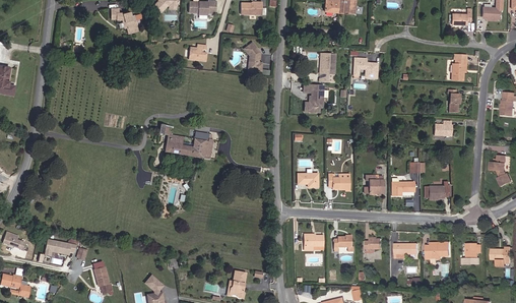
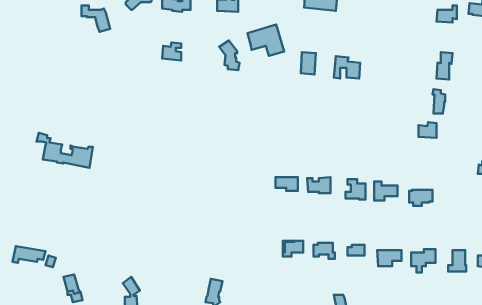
building: none -> [247,24,284,56]
building: [303,83,323,112] -> none
building: [158,125,212,159] -> [37,133,93,168]

